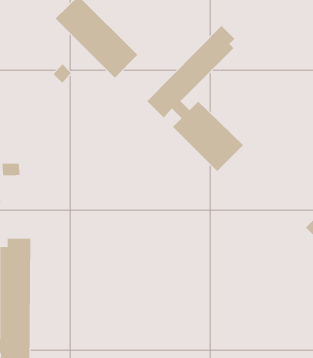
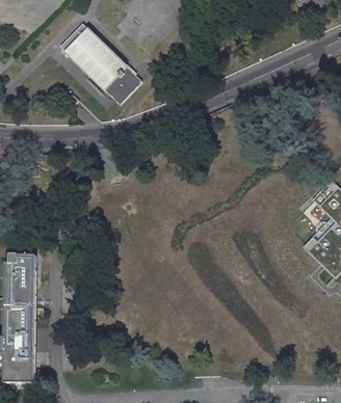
building: [147,25,244,172] -> none

